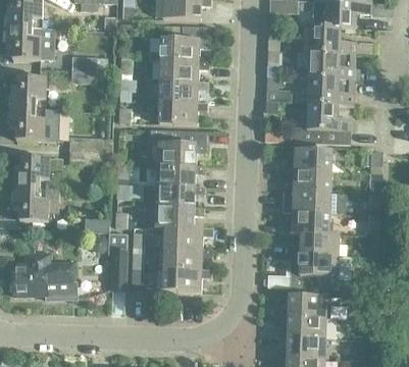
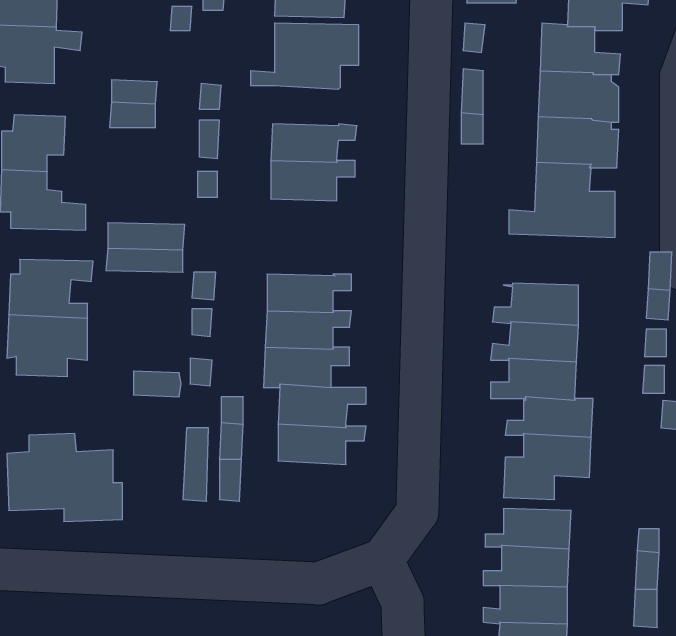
building: [160,59,207,82] -> none
building: [149,129,205,165] -> none
building: [284,148,331,170] -> none
building: [162,268,211,292] -> none

